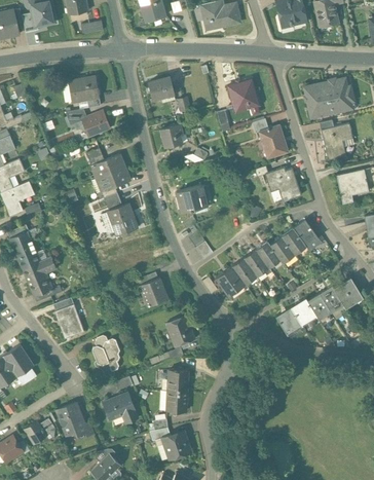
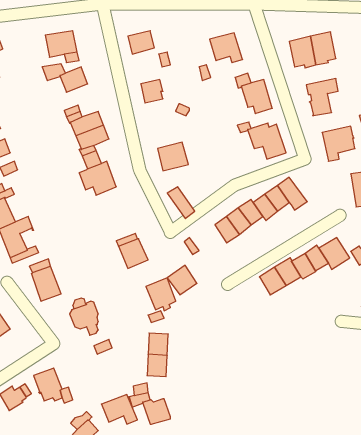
building: [215,265,244,294] -> [167,265,197,295]
building: [103,394,138,422] -> [101,395,137,424]

